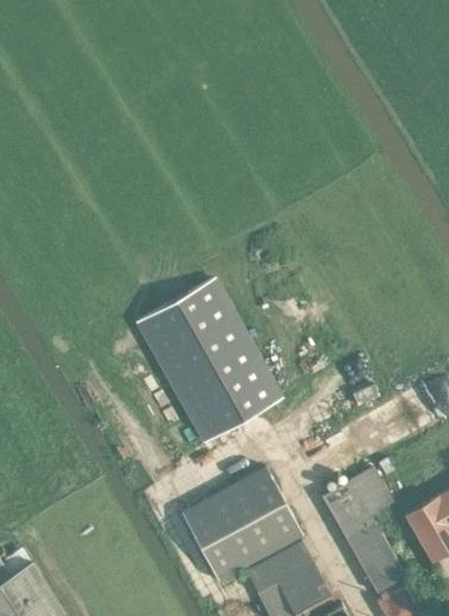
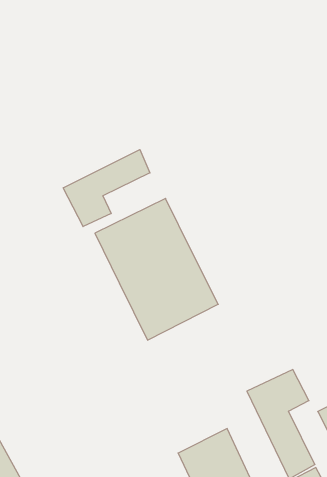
building: none -> [63,150,150,227]
building: [183,468,302,579] -> none

